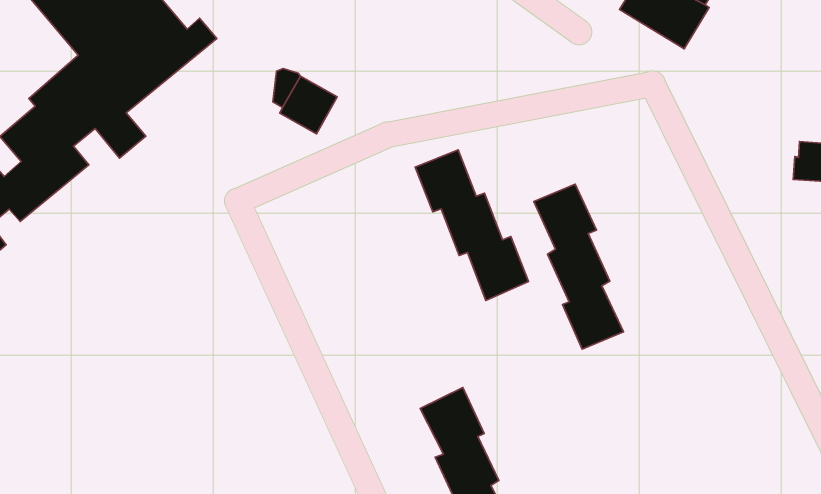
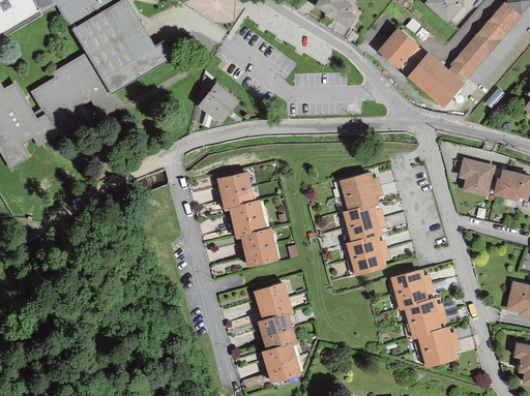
building: none -> [461,161,492,193]
building: [415,150,529,301] -> [218,174,274,265]
building: none -> [392,272,452,365]

